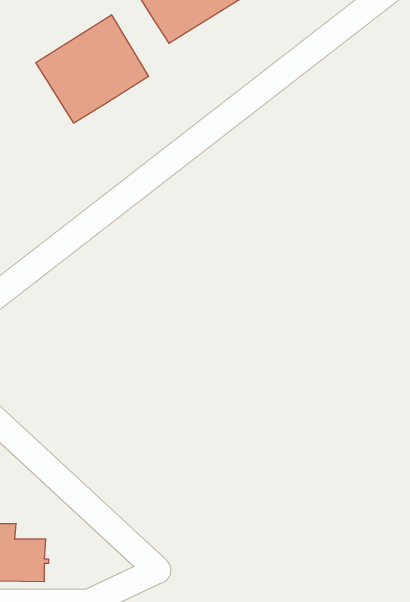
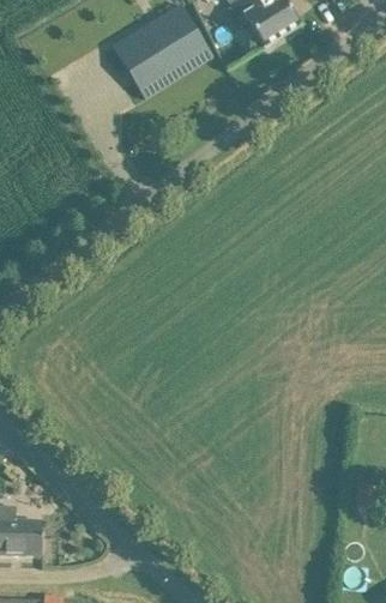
building: [36,15,148,123] -> none

